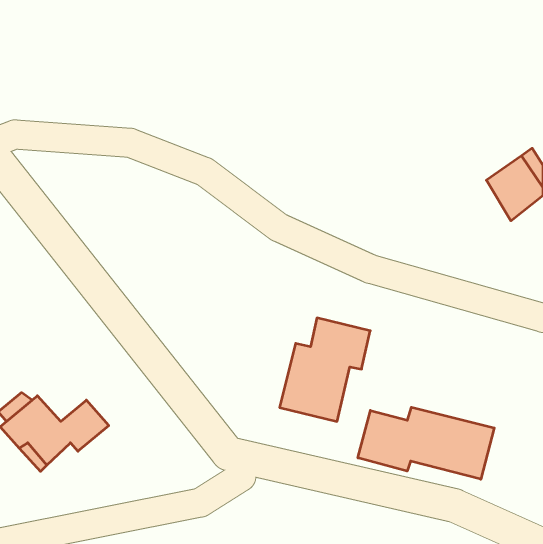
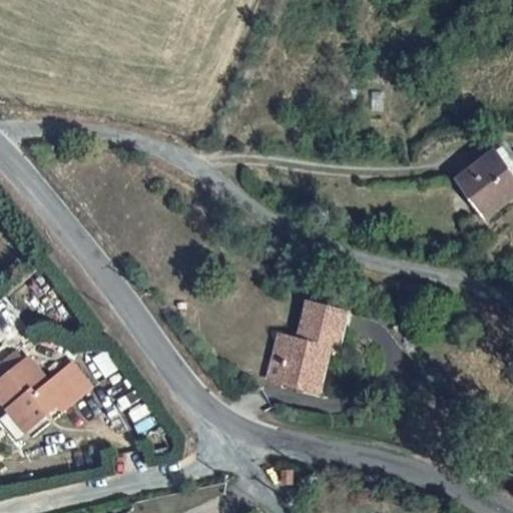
building: [358,407,494,479] -> none

